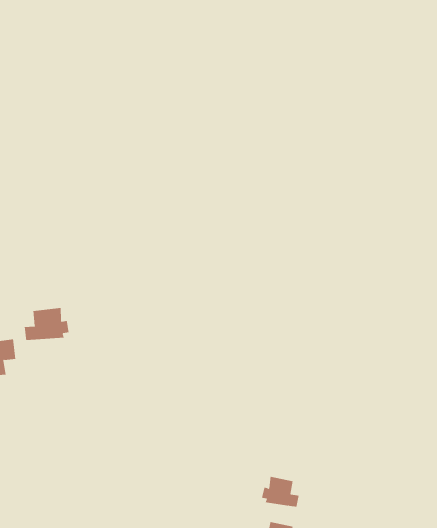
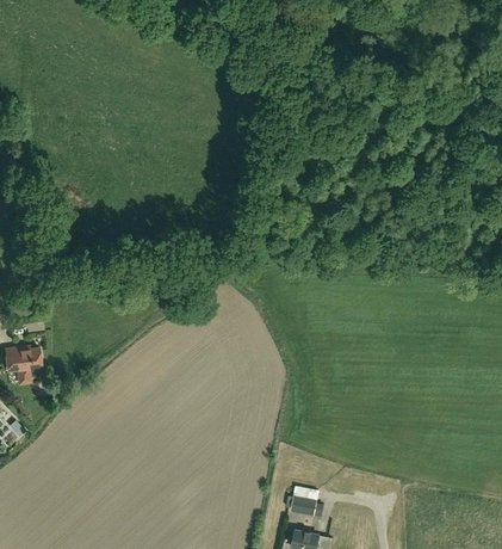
building: [24,307,69,341] -> none

